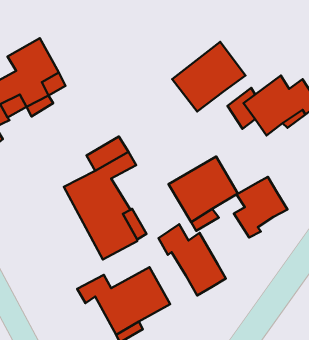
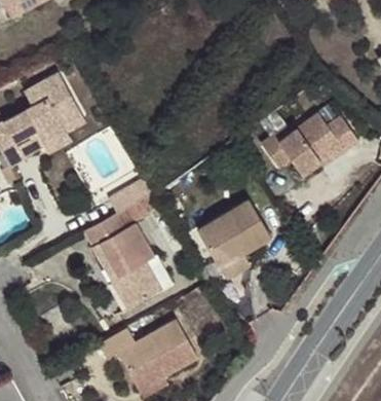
building: [172,42,246,112] -> none
building: [234,177,287,237] -> none
building: [158,224,226,296] -> none

